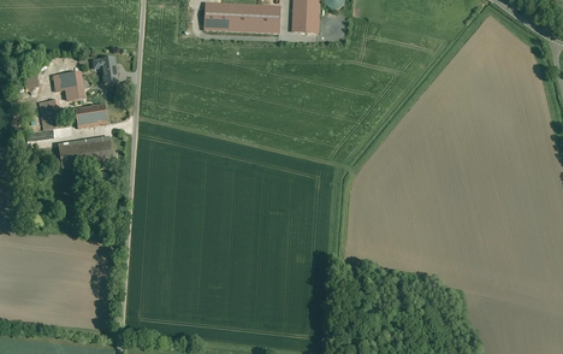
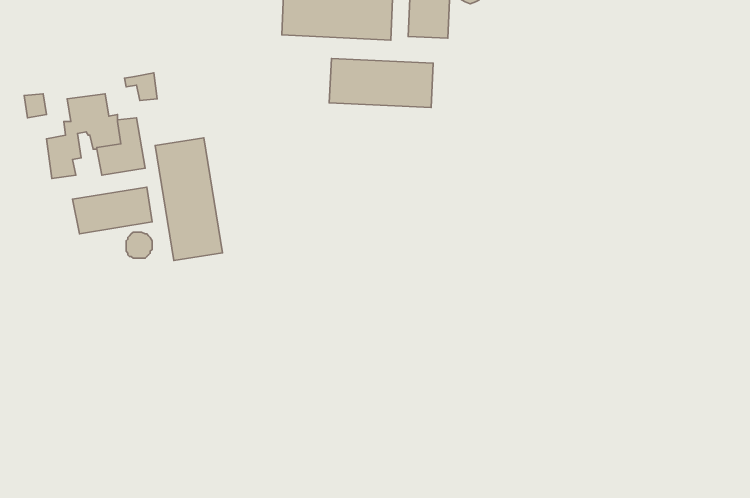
building: none -> [329,58,433,107]
building: none -> [155,138,223,261]

